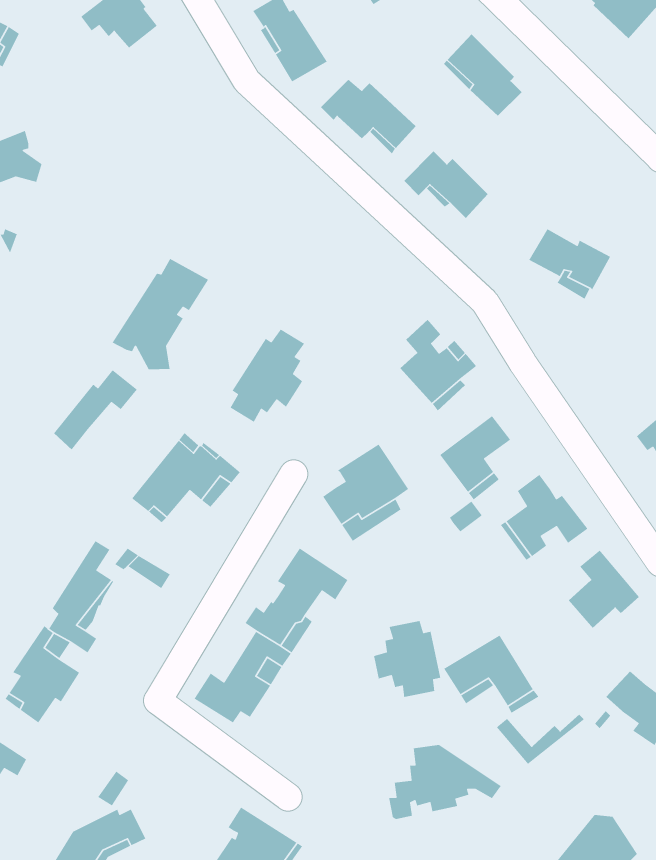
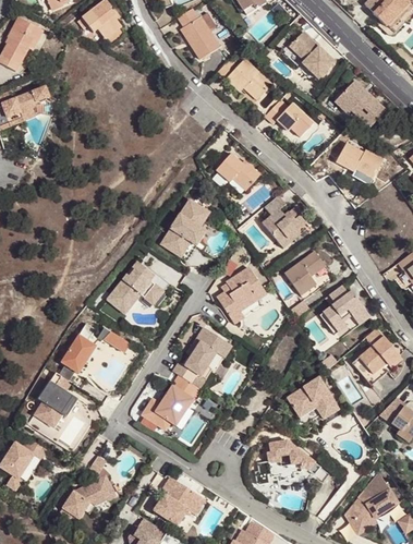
building: none -> [335,80,386,128]
building: none -> [216,153,260,191]
building: [112,258,209,370] -> none
building: [53,369,138,450] -> none
building: [373,620,441,698] -> none
building: [496,714,585,765] -> [352,355,403,385]

